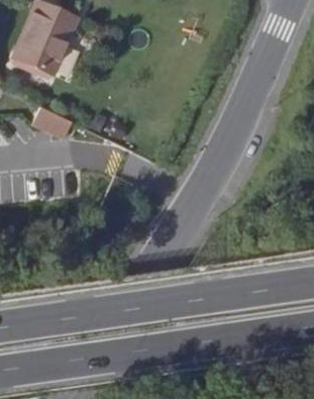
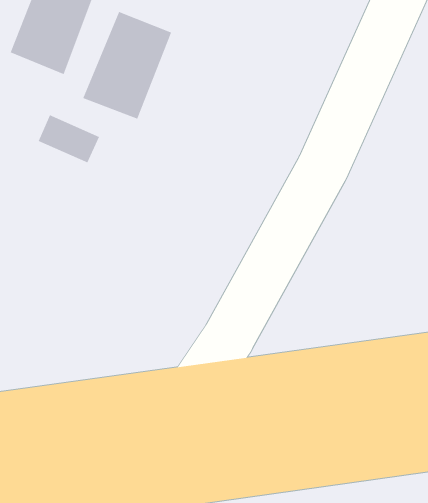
building: none -> [82,11,172,119]

